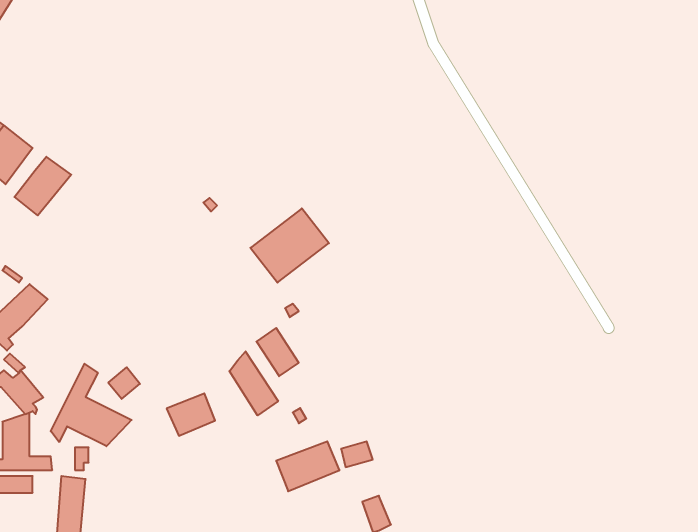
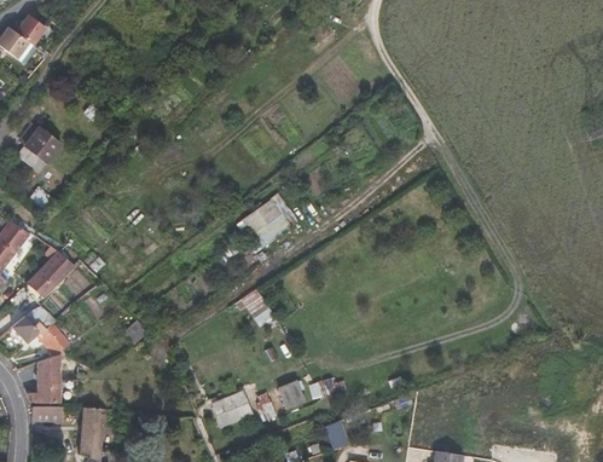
building: [14,157,71,215] -> none
building: [229,351,278,415] -> none
building: [51,364,132,446] -> none
building: [167,393,215,436] -> [213,392,251,426]

